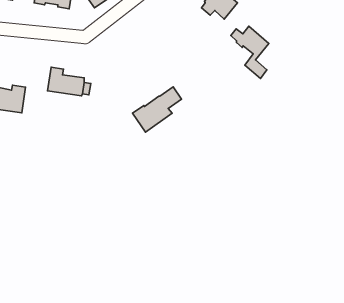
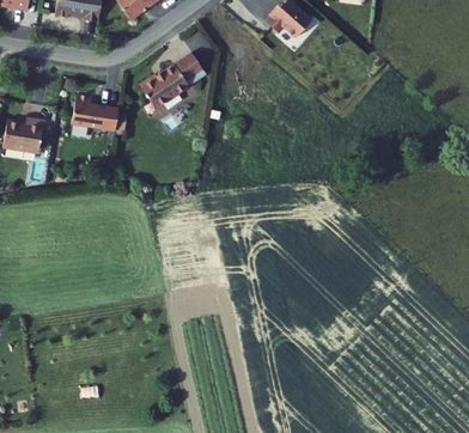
building: [231,26,269,78] -> none
building: [132,87,182,132] -> [141,54,203,111]

